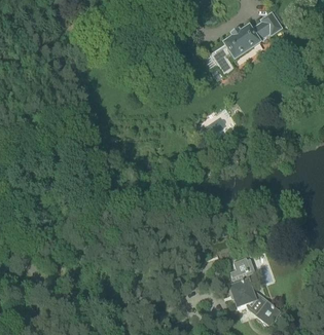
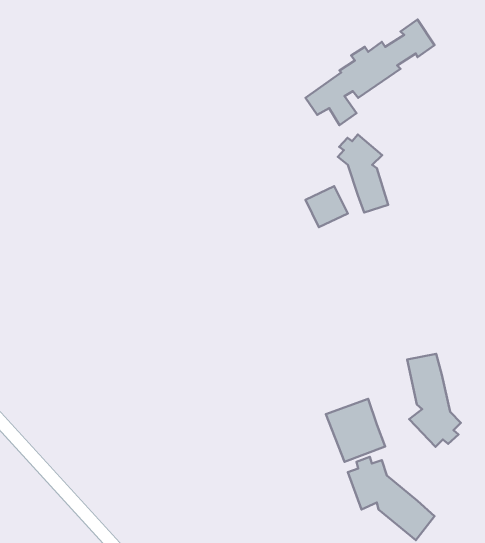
building: none -> [338,134,388,212]
building: none -> [407,354,461,447]

